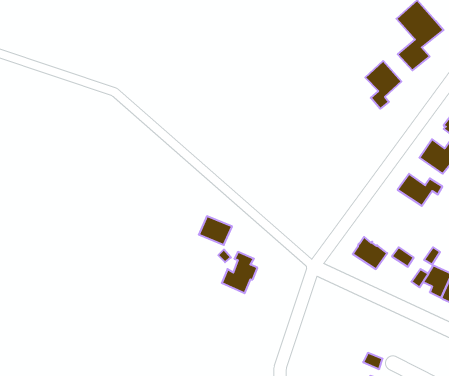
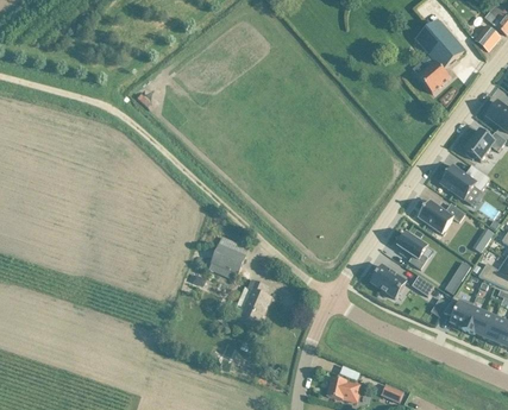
building: [365,61,401,109] -> none
building: none -> [397,232,427,267]
building: none -> [327,376,360,402]

